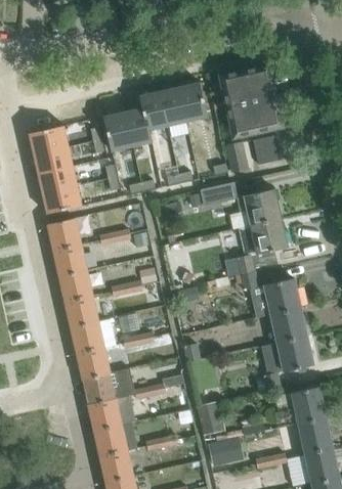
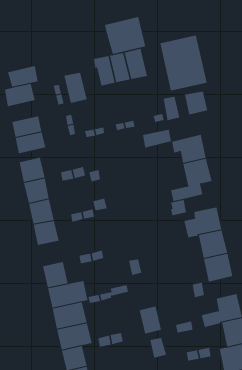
building: none -> [104,16,146,55]
building: [124,106,152,145] -> none
building: [33,146,72,173] -> [7,66,39,87]
building: [70,320,102,352] -> none

